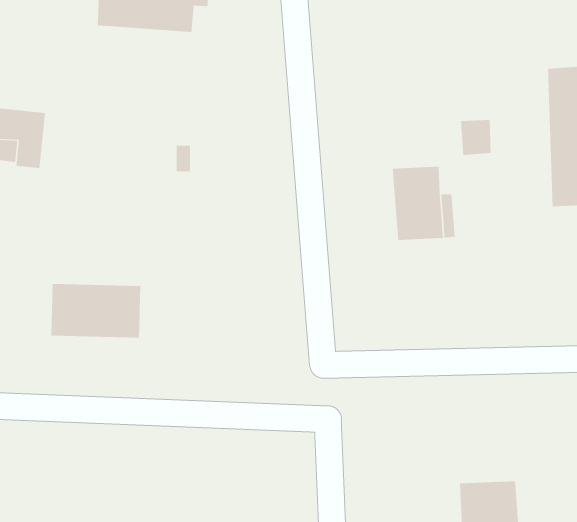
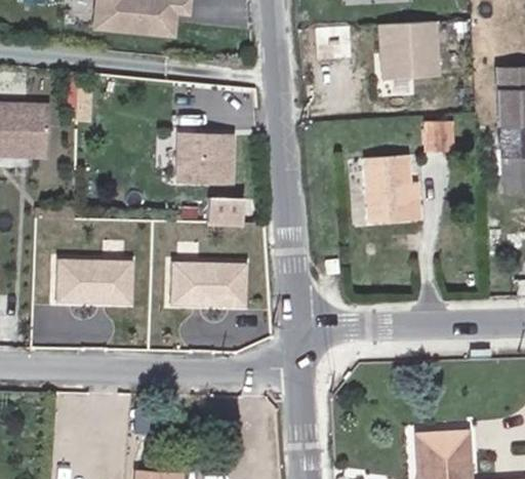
building: none -> [382,21,444,77]
building: none -> [189,135,227,185]
building: none -> [213,194,253,225]
building: none -> [171,261,251,309]

